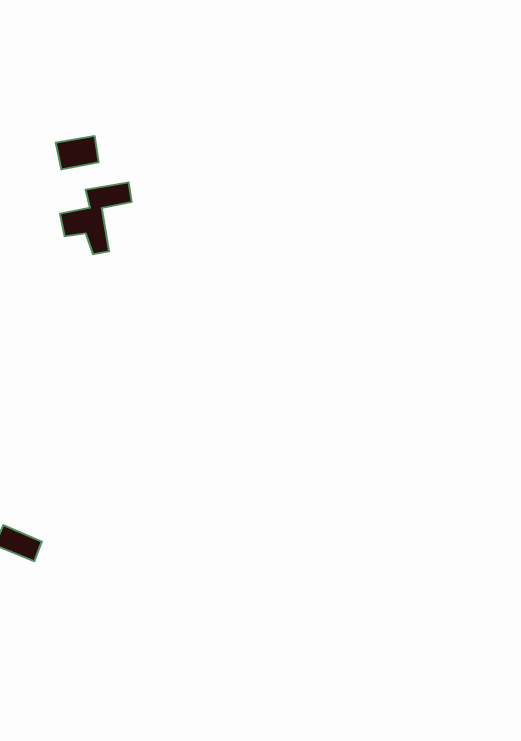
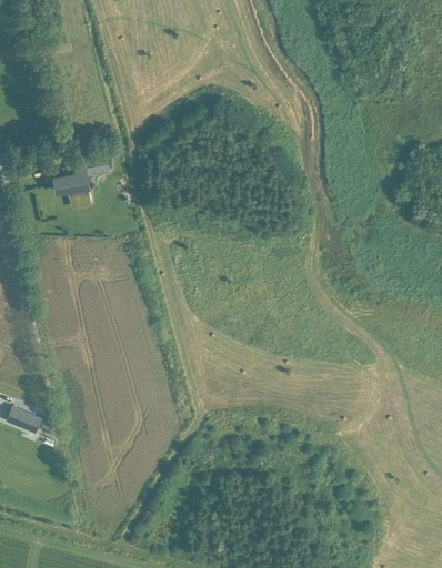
building: [56,136,99,170] -> none

